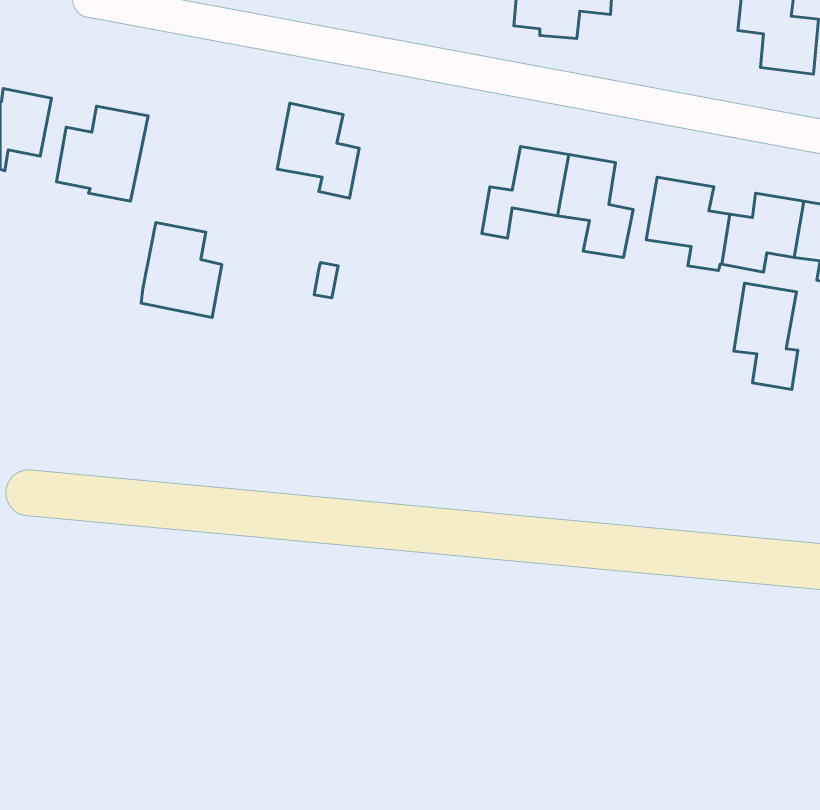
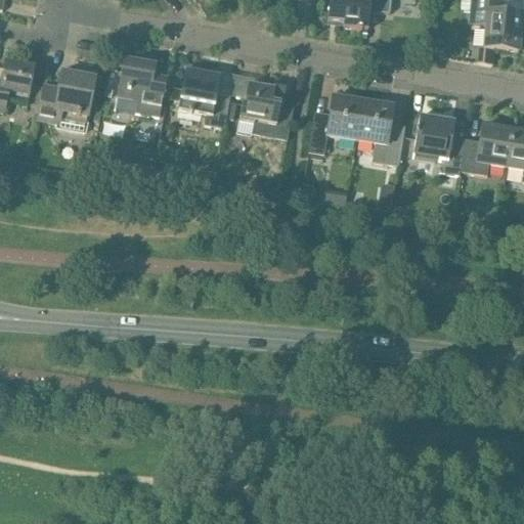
building: none -> [236,81,295,137]
building: [141,223,222,318] -> [115,54,166,115]
building: [734,283,798,389] -> none

